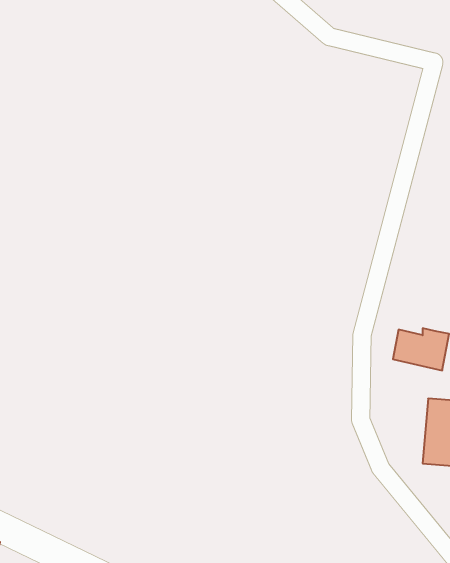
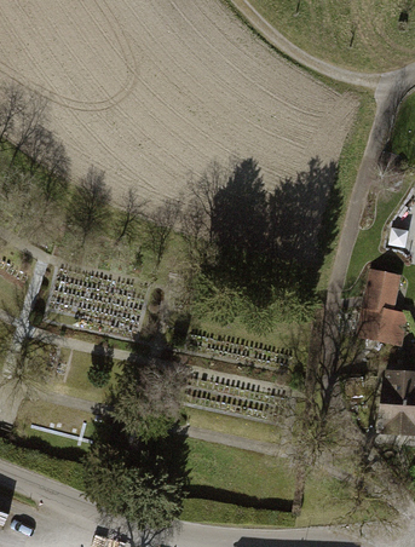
building: none -> [363,271,402,317]

